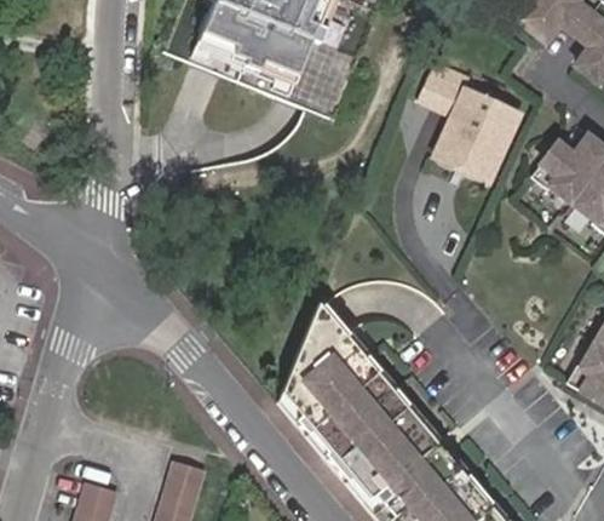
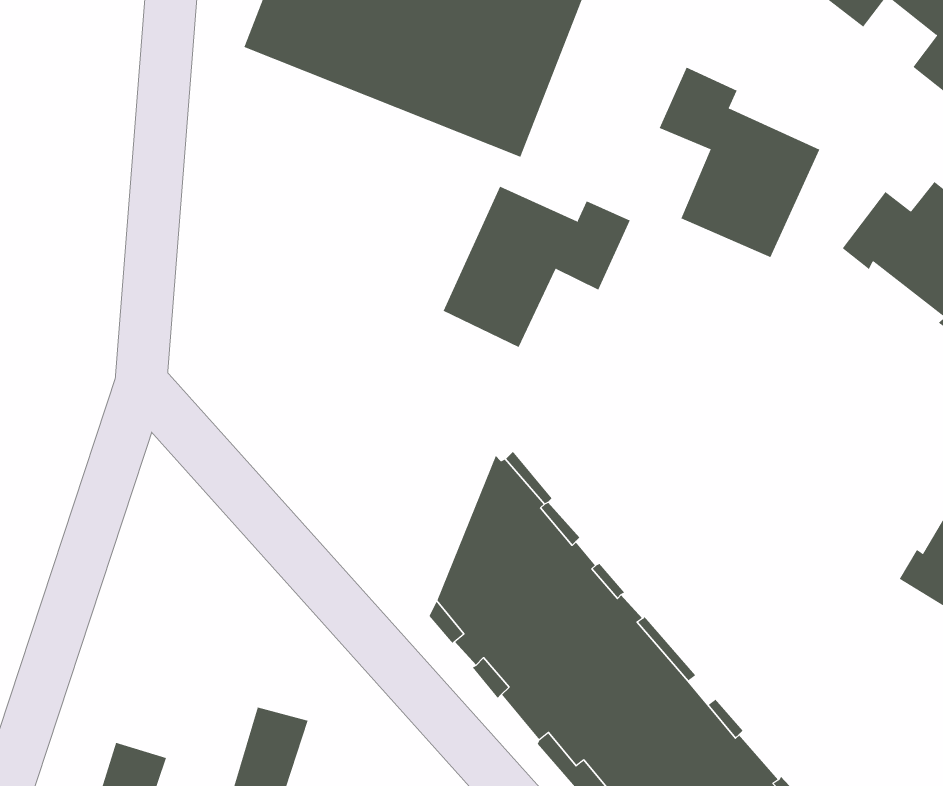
building: none -> [443,186,631,348]

